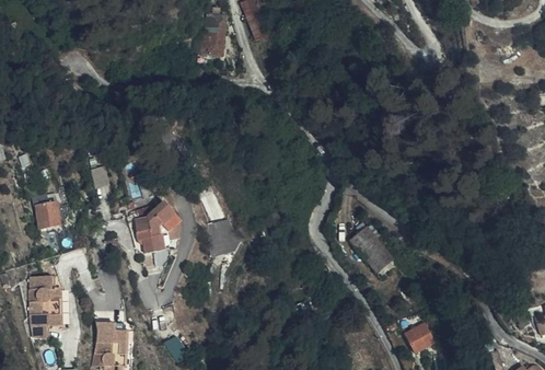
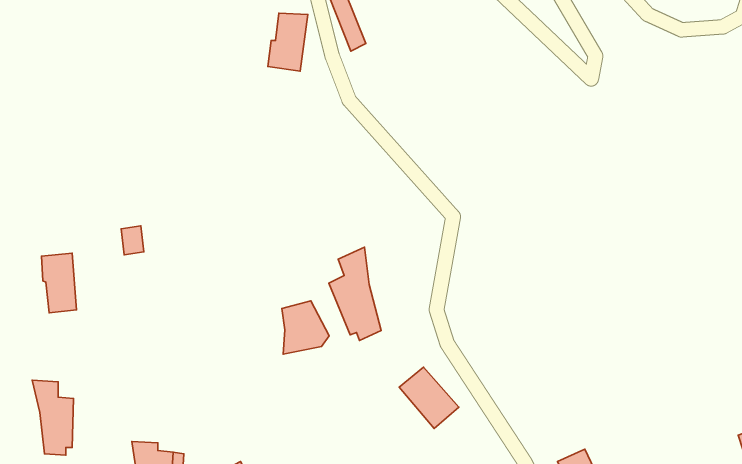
building: none -> [329,247,381,341]
building: [131,200,182,254] -> none
building: [348,228,391,271] -> [399,367,459,428]

